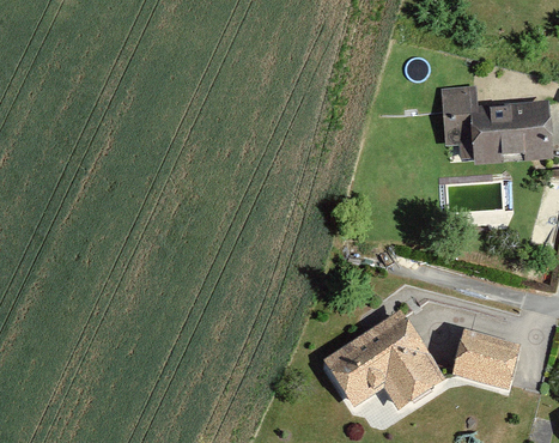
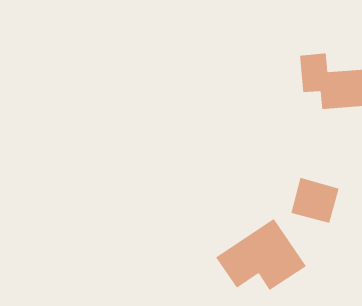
building: [451,328,519,393] -> [291,177,339,224]

